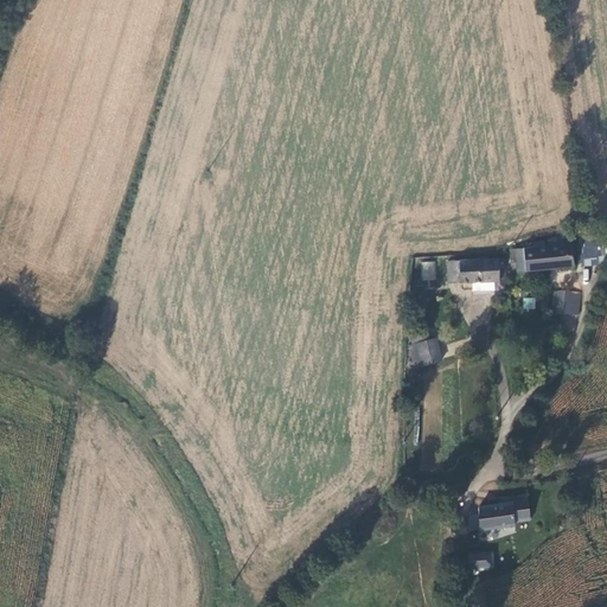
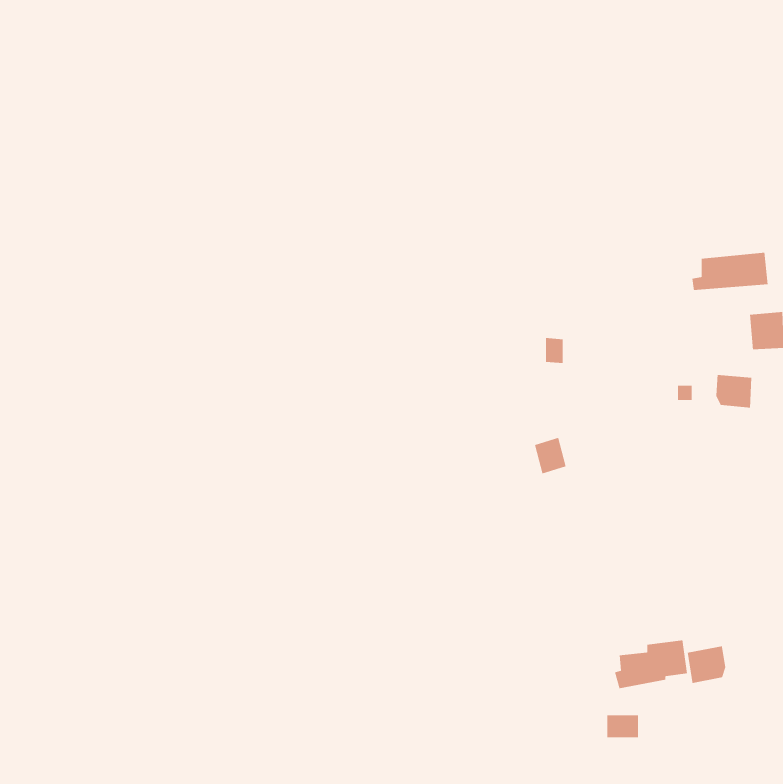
building: [516,242,575,271] -> [692,252,768,291]
building: [446,260,498,281] -> none
building: none -> [687,645,726,684]

